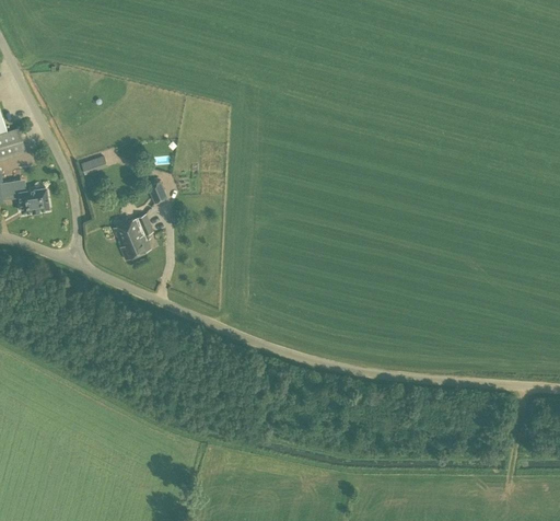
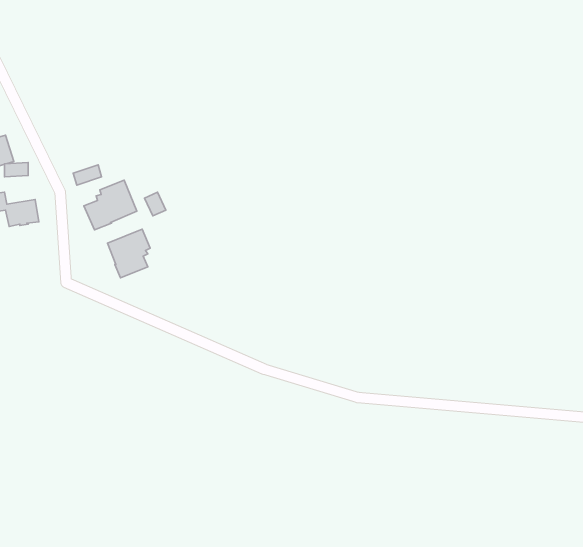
building: none -> [84,180,137,230]

